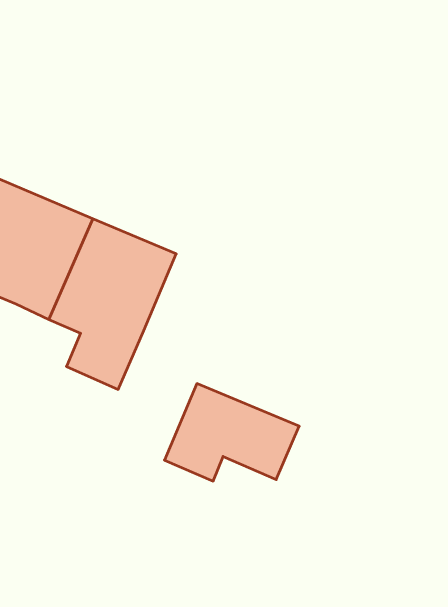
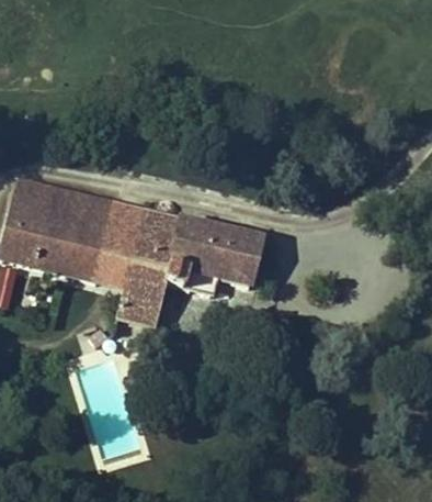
building: [164,384,299,481] -> [164,213,258,281]

